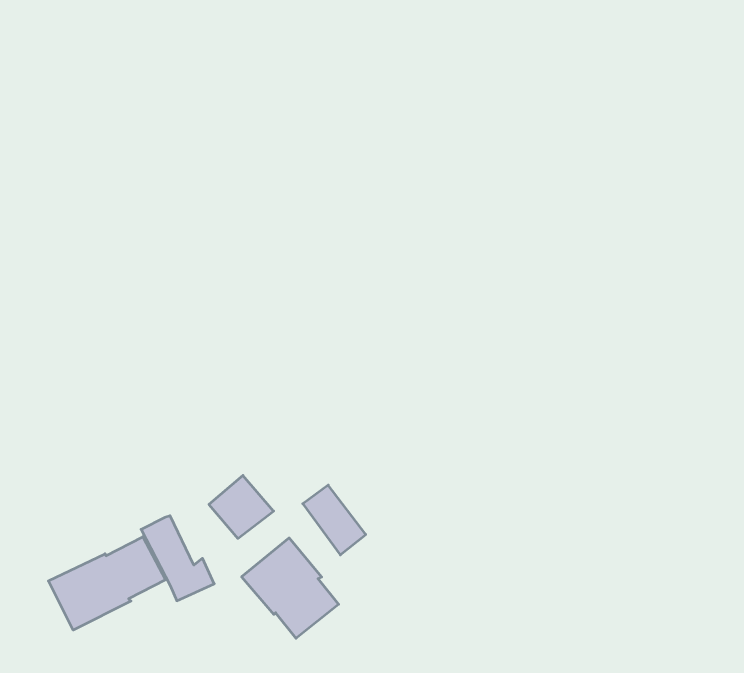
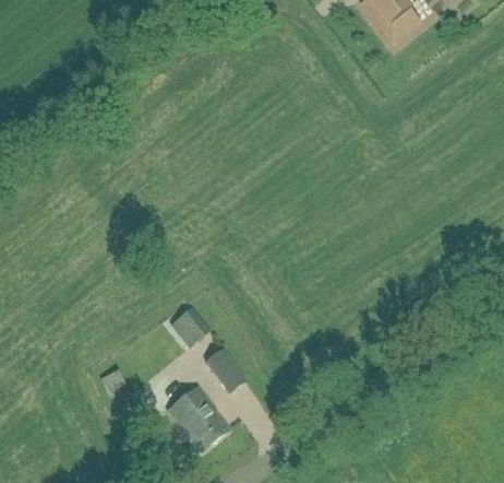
building: [209,475,274,538] -> [169,306,211,346]
building: [48,537,165,630] -> none

